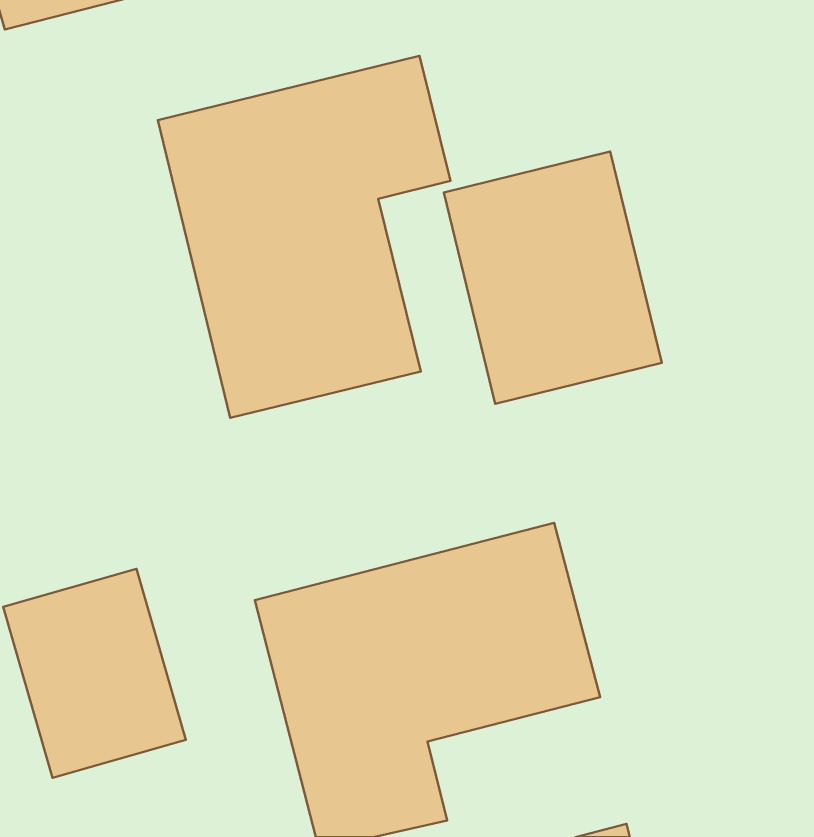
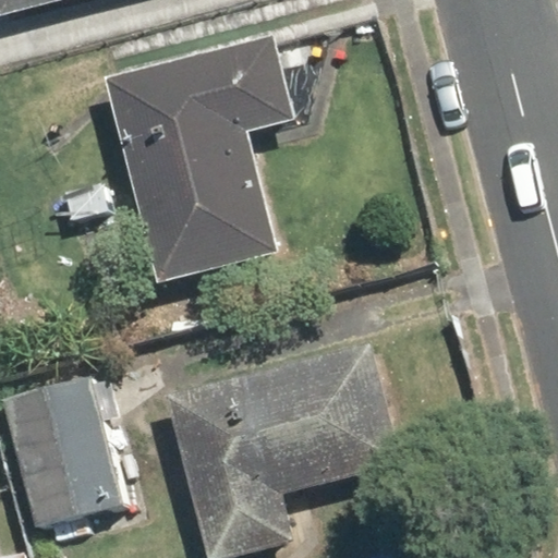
building: [444,151,662,404] -> none

